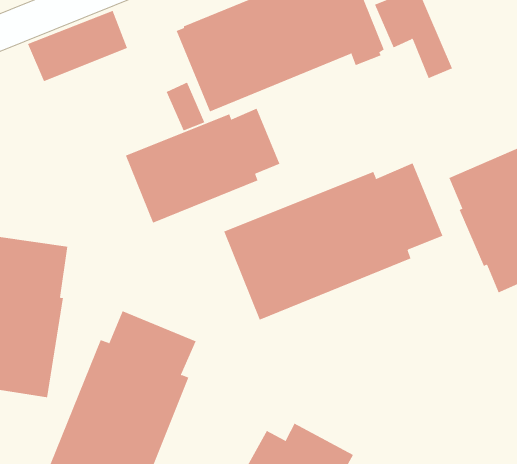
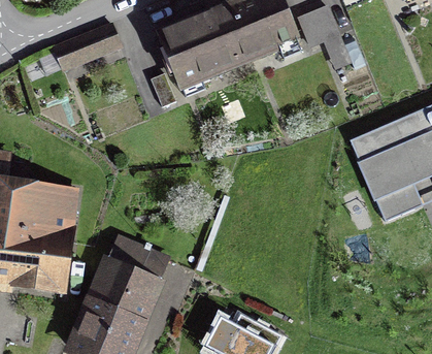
building: [125,108,280,223] -> none
building: [224,163,443,320] -> none

